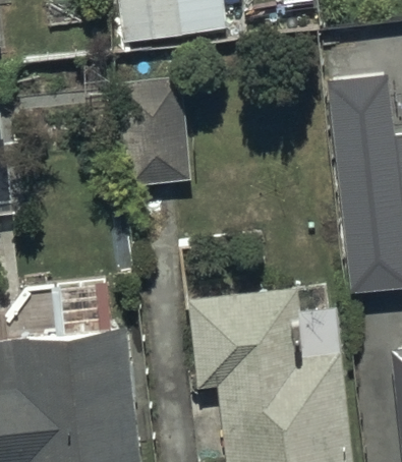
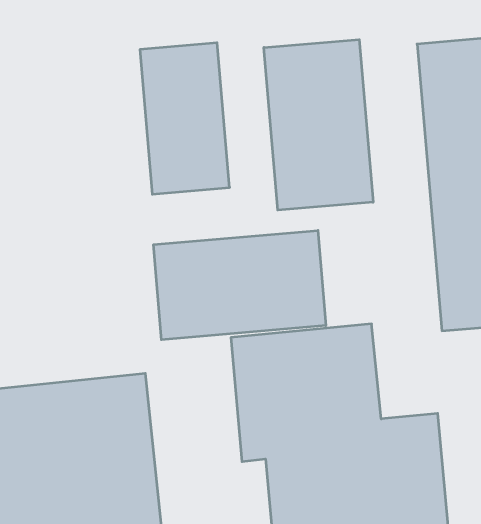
building: none -> [264,40,373,210]
building: none -> [154,230,326,340]

